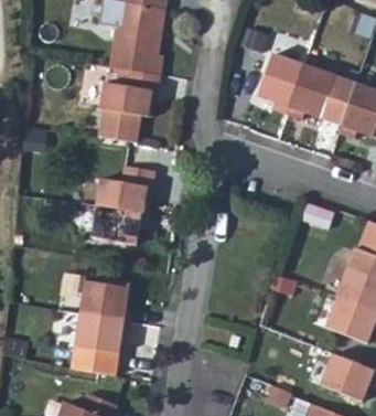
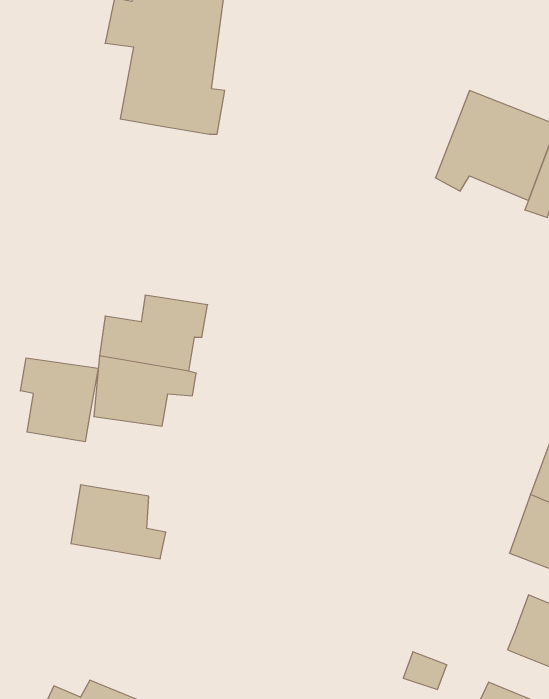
building: [257,45,304,109] -> none
building: [99,79,153,151] -> none
building: none -> [20,358,98,442]
building: [68,322,125,361] -> none

